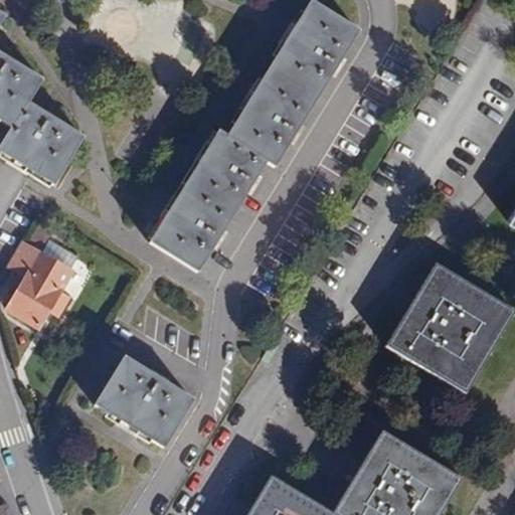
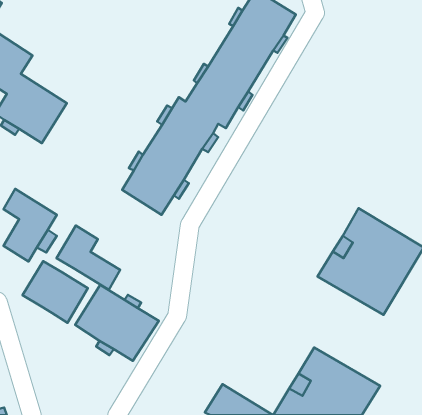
building: none -> [56,225,120,290]
building: none -> [23,261,88,323]

